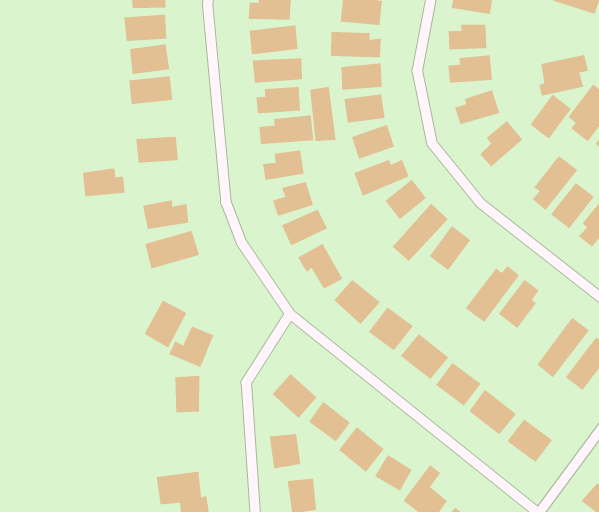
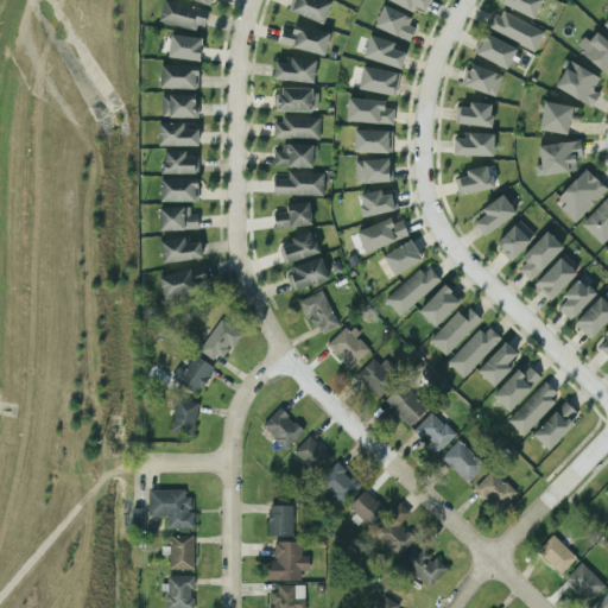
building: none -> [540,102,578,135]
building: [309,86,336,142] -> none
building: [529,94,572,139] -> [495,220,536,261]
building: none -> [163,151,198,175]
building: [82,168,125,197] -> [160,207,198,230]
building: none -> [430,304,481,356]
building: none -> [494,363,542,412]
building: [144,300,187,348] -> [201,318,242,363]
building: [269,433,301,469] -> none

